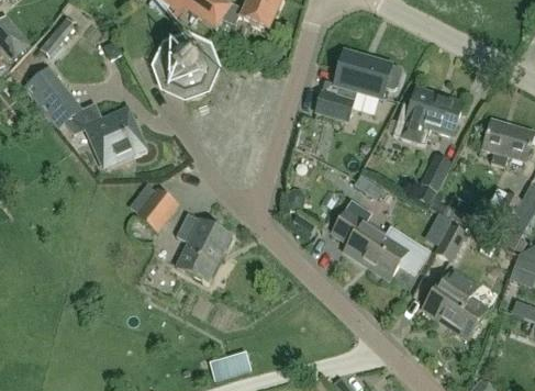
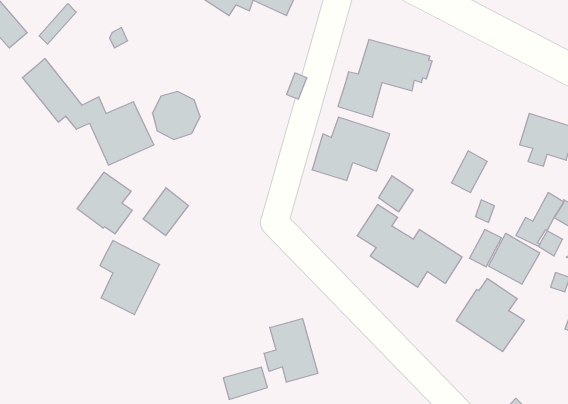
building: [165,45,209,89] -> [152,92,200,139]
building: [392,87,464,145] -> [312,117,390,181]
building: none -> [77,172,132,234]
building: [176,213,231,281] -> [100,240,160,315]
building: none -> [488,233,540,284]
building: none -> [264,319,318,382]

